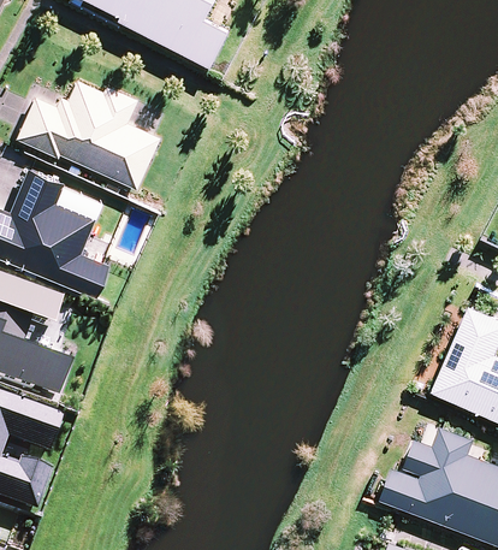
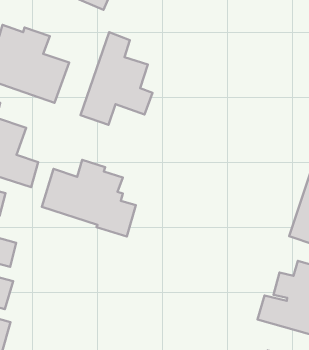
building: none -> [81,32,152,125]
building: none -> [42,160,136,237]

